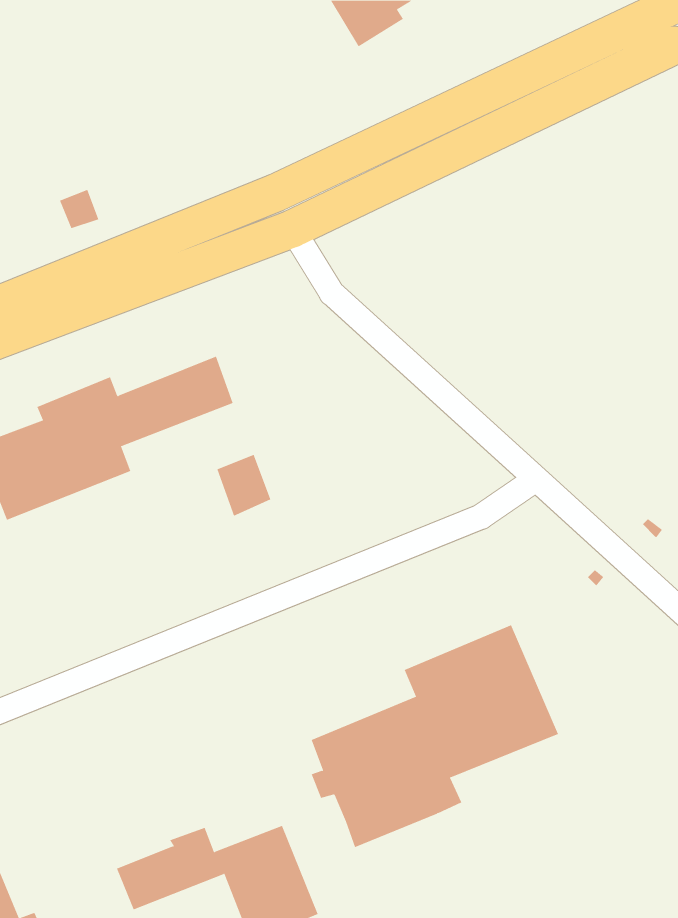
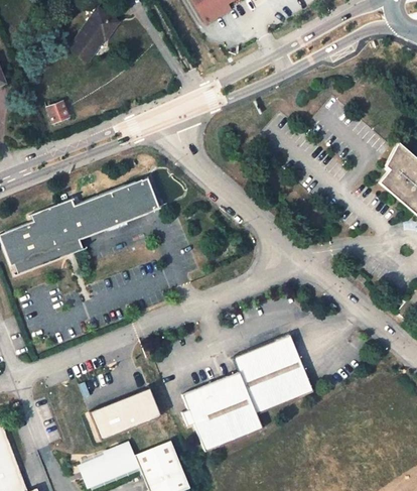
building: none -> [68,8,118,60]
building: [216,454,271,517] -> [131,181,160,215]
building: none -> [89,386,163,439]

